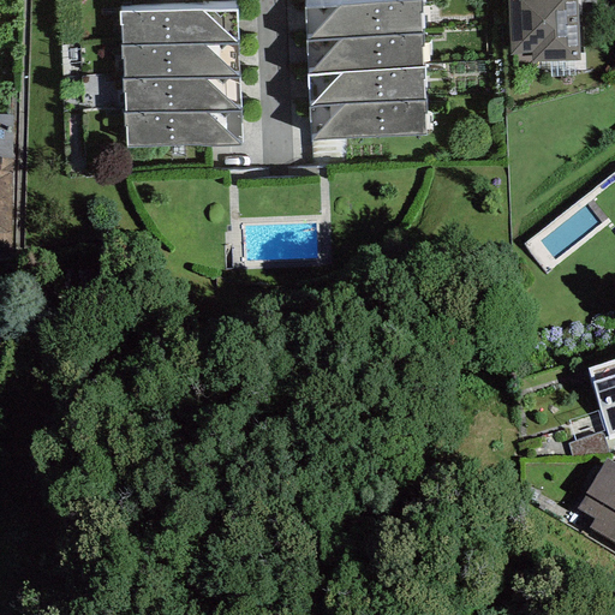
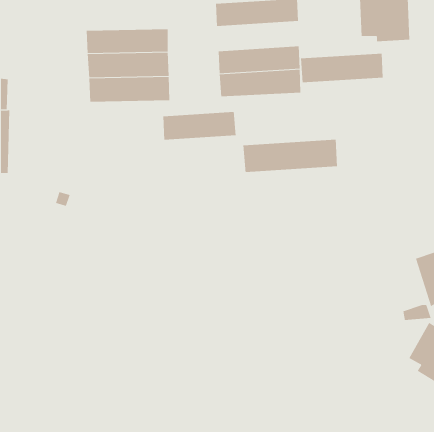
building: [120,6,239,43] -> none
building: [306,30,424,72] -> [300,53,383,83]
building: none -> [163,111,236,140]
building: none -> [243,139,337,173]

